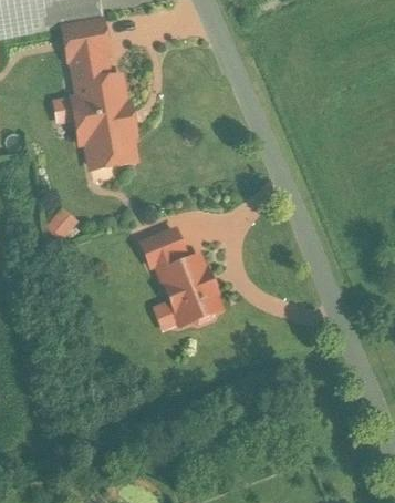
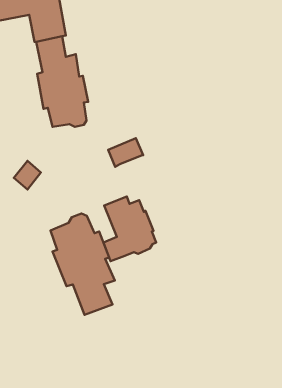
building: [142,230,185,266] -> [108,138,143,167]
building: none -> [51,214,115,315]

